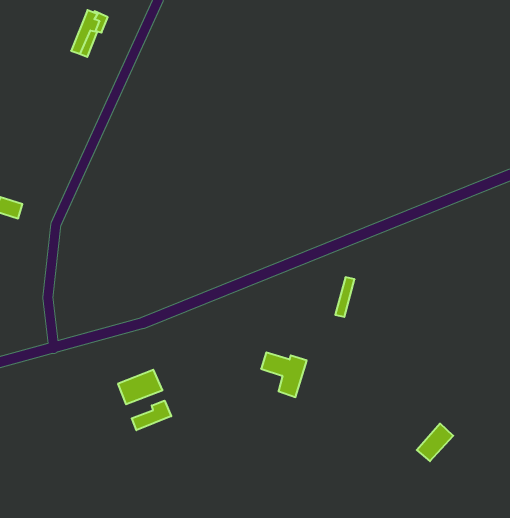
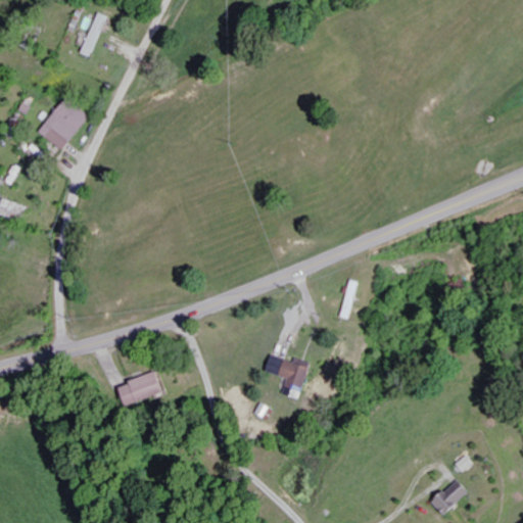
building: none -> [38,97,86,150]
building: [132,401,171,430] -> none
building: [417,424,453,461] -> [430,478,467,516]

